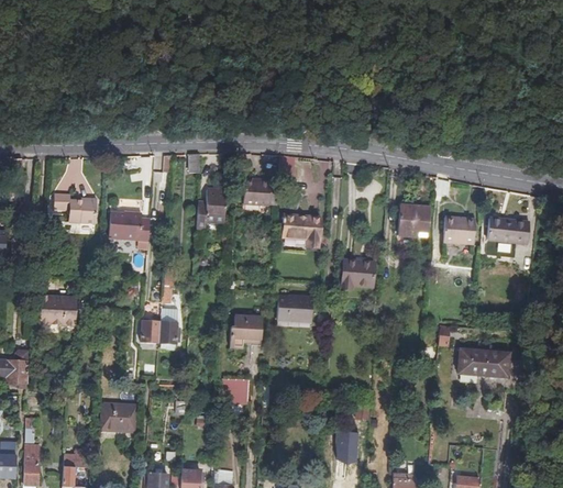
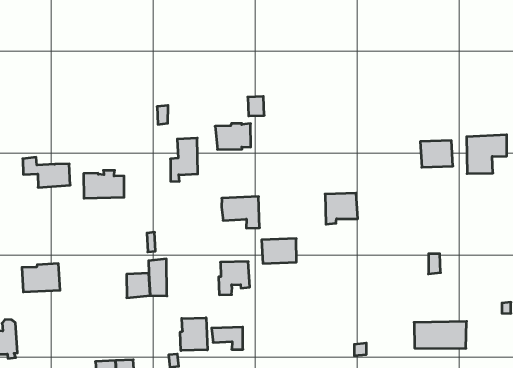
building: [399,202,430,236] -> none
building: [284,214,321,247] -> [222,197,260,228]
building: [457,348,511,379] -> [414,321,467,348]
building: none -> [180,318,207,351]

